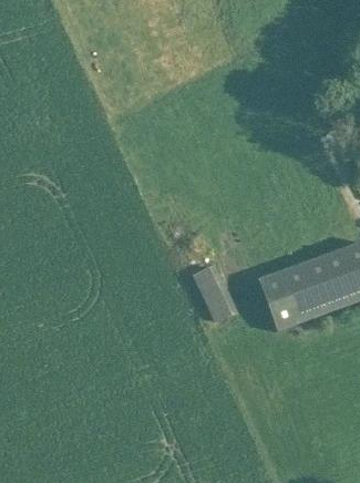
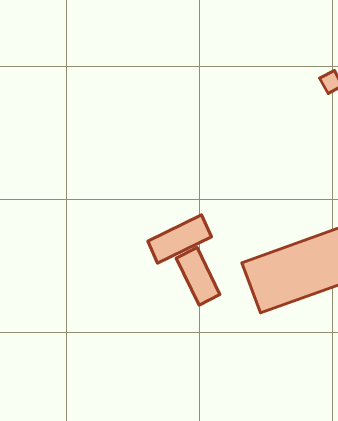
building: none -> [148,215,211,263]

